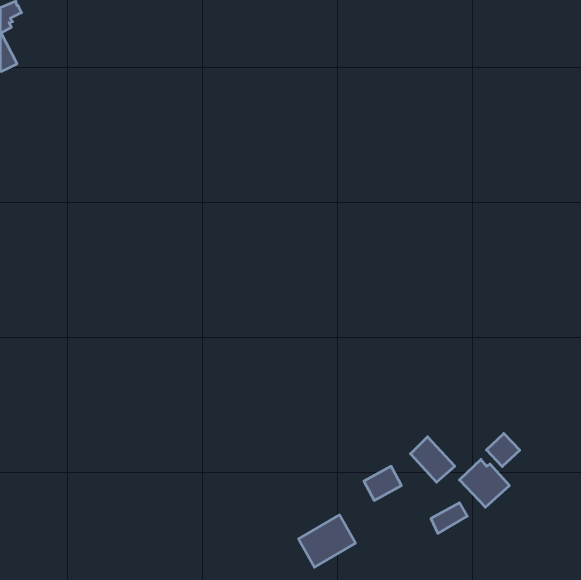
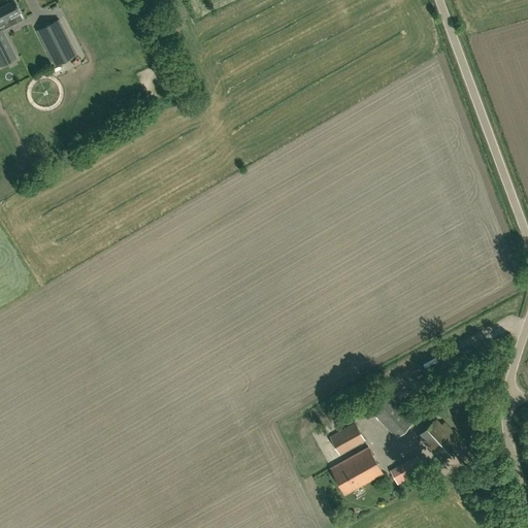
building: none -> [38,21,75,66]
building: [486,433,520,467] -> none
building: [299,515,355,567] -> [331,448,383,495]

